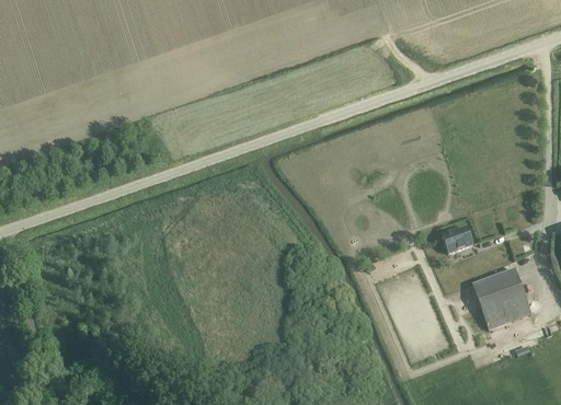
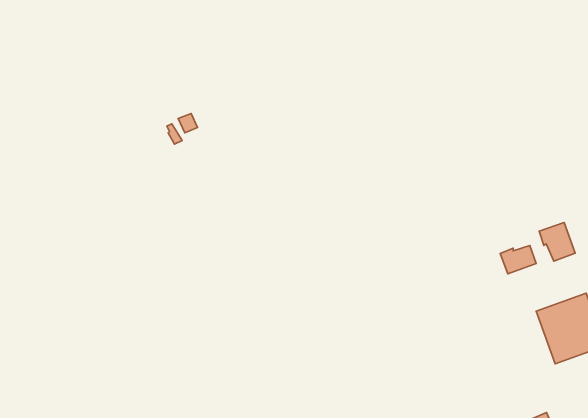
building: none -> [539,222,575,261]

